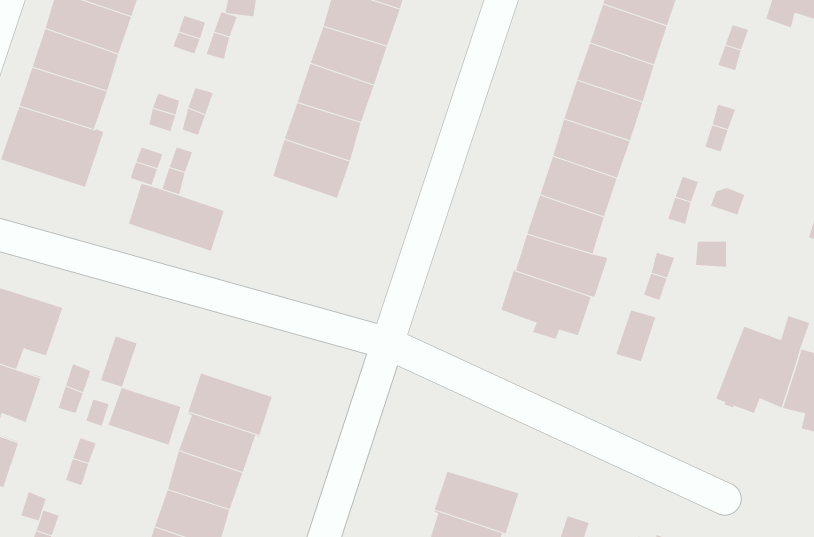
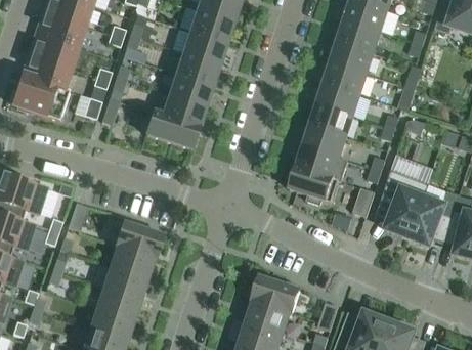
building: [128,183,224,252] -> [145,112,199,149]
building: none -> [376,170,428,237]
building: [108,387,181,446] -> none

